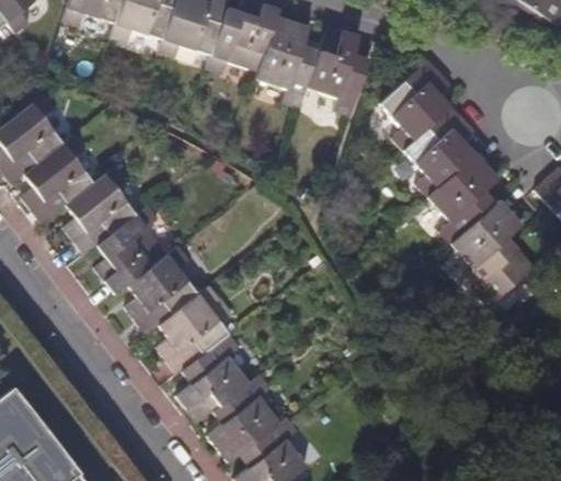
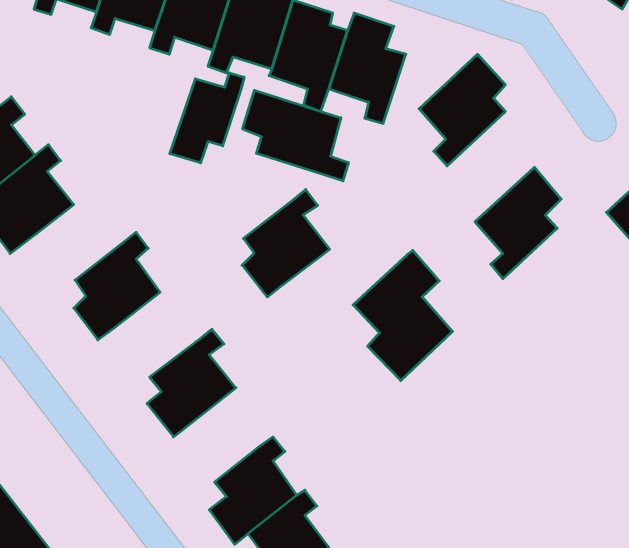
building: none -> [170,73,244,163]
building: none -> [243,90,348,181]
building: [404,106,476,197] -> none
building: [65,167,137,254] -> none
building: [450,199,533,307] -> [353,250,453,381]
building: [127,245,199,334] -> [242,189,330,297]
building: [179,334,250,423] -> none

